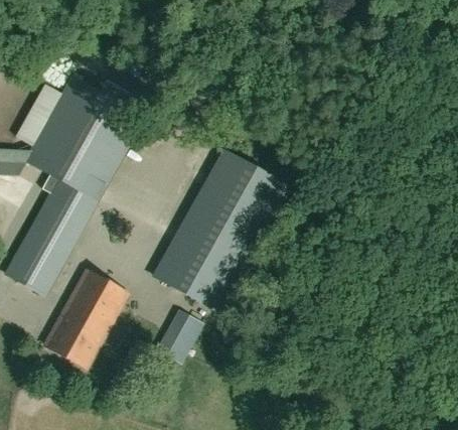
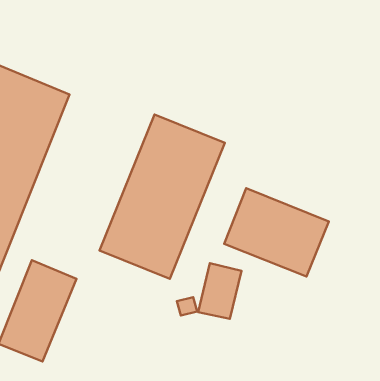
building: none -> [224,188,329,276]
building: [154,308,200,364] -> [198,263,242,319]

